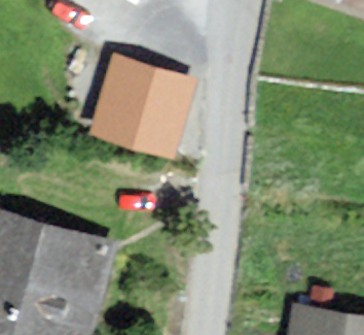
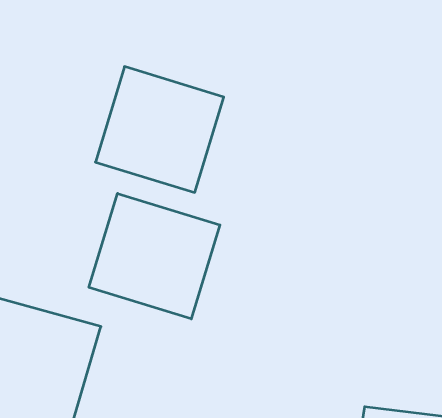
building: none -> [89,193,220,319]

